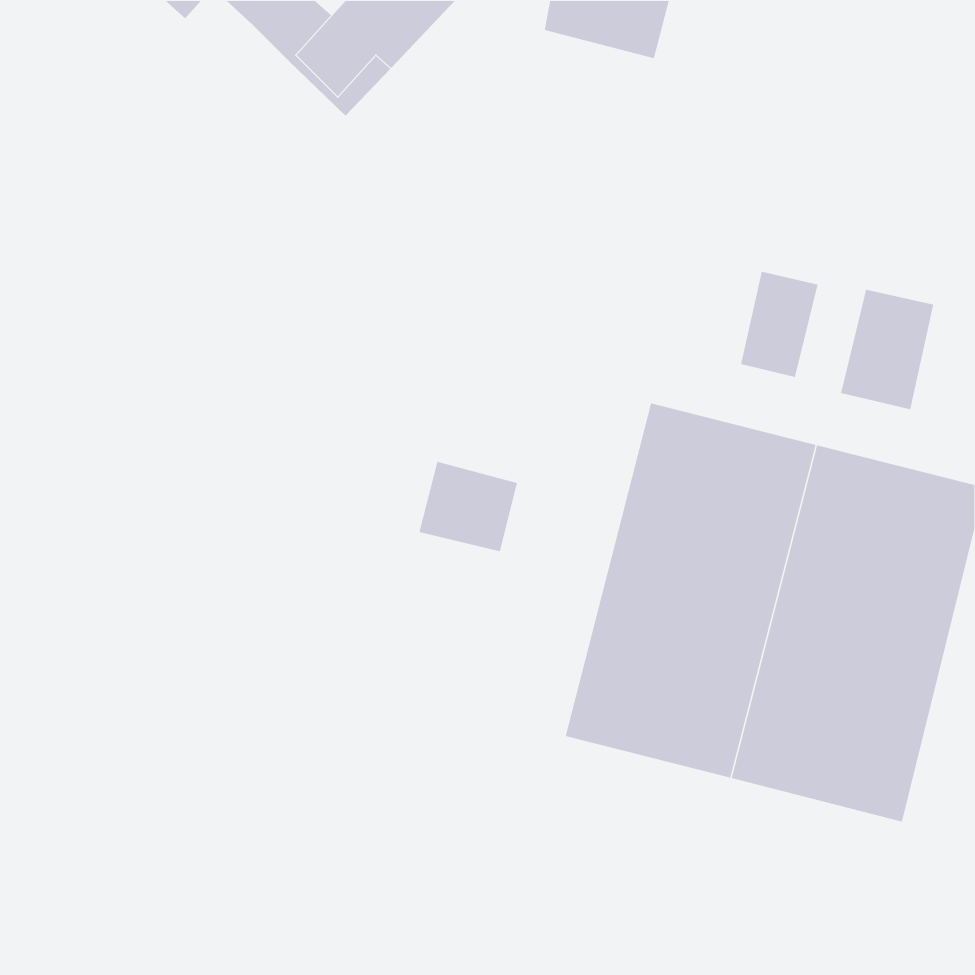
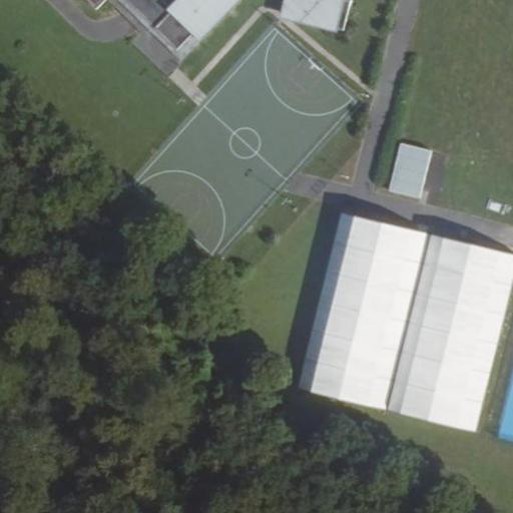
building: [840,289,934,410] -> none
building: [418,461,518,552] -> none

